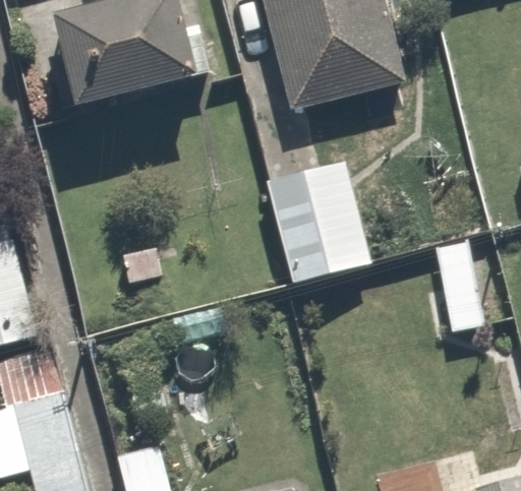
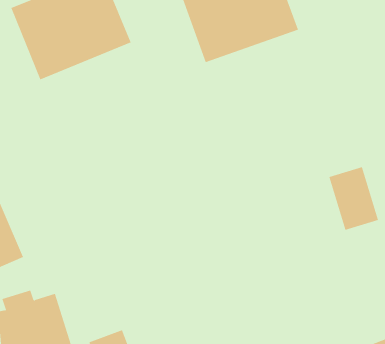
building: [262,156,371,286] -> none

